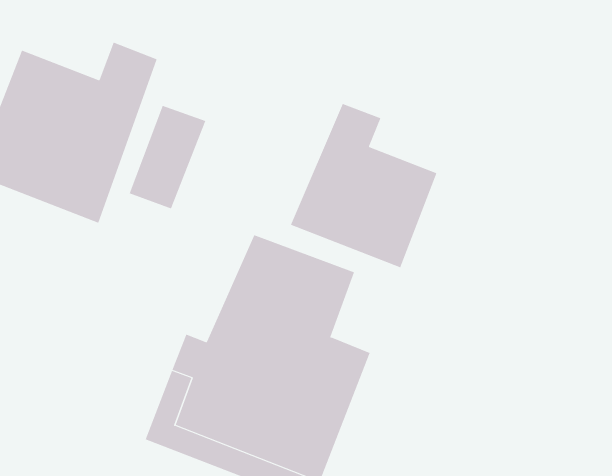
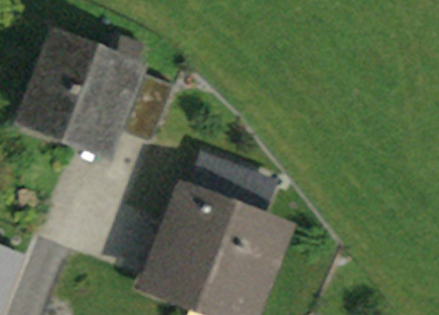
building: [290,103,437,268] -> none

